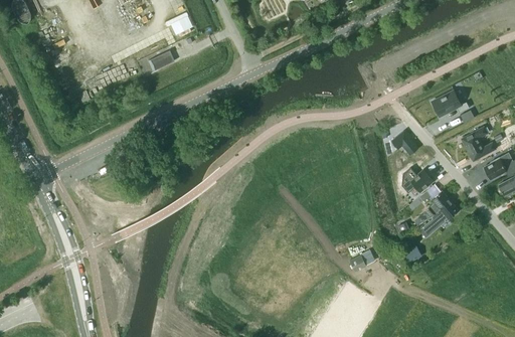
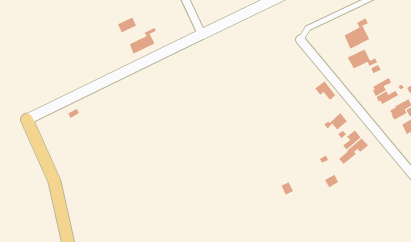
building: none -> [344,18,370,49]
building: none -> [129,27,157,54]

